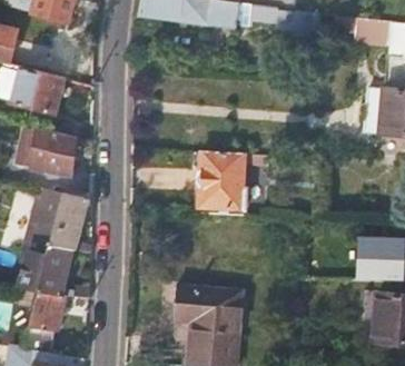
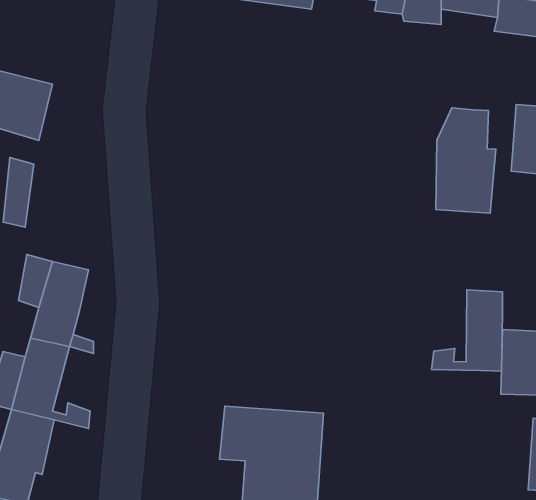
building: none -> [436,108,496,213]
building: [46,129,78,176] -> none
building: [198,150,243,207] -> none
building: none -> [431,290,502,371]

